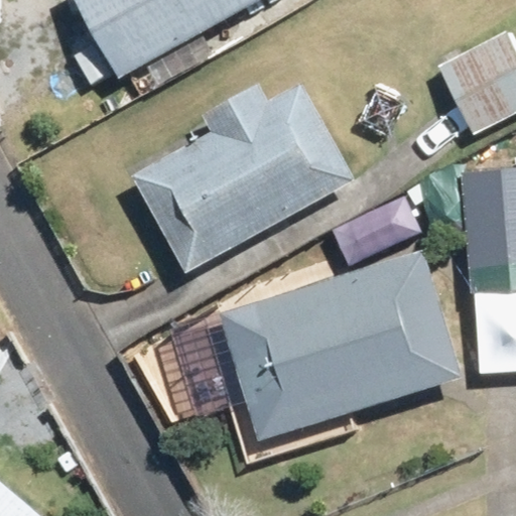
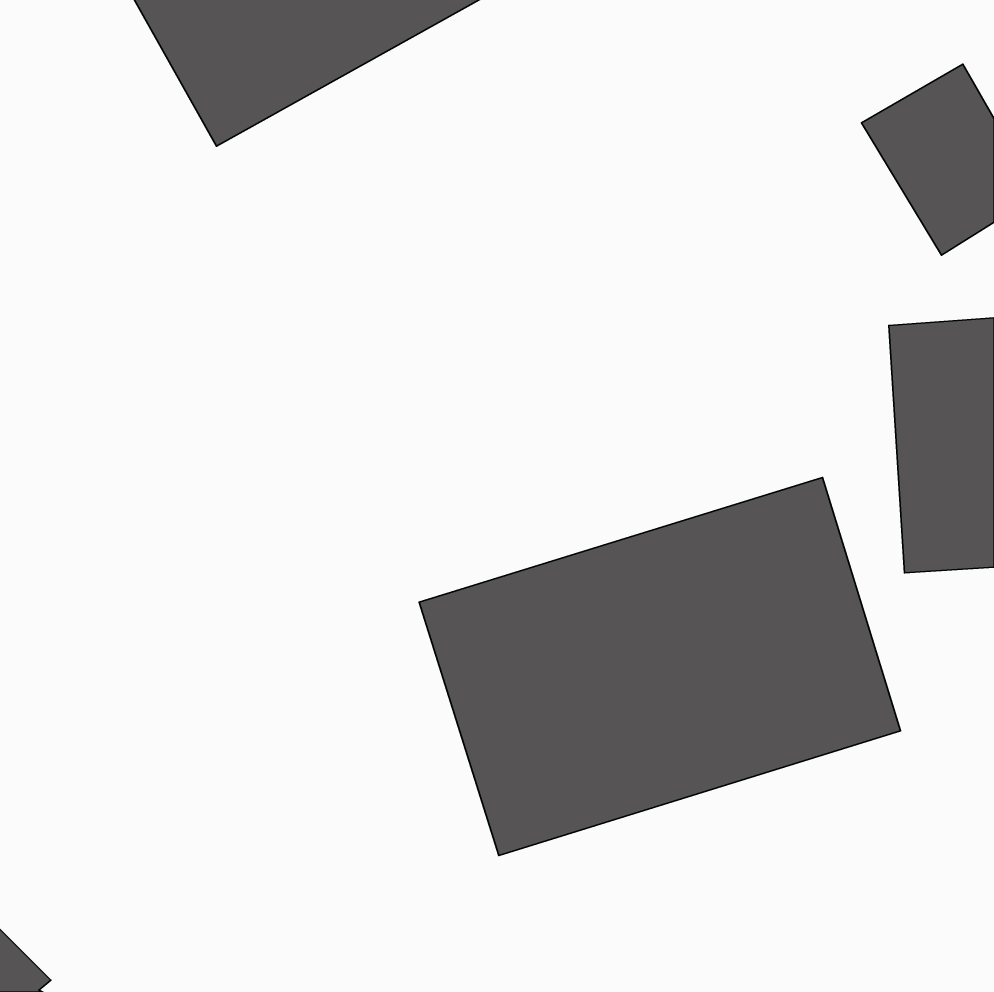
building: [136,91,355,272] -> none

